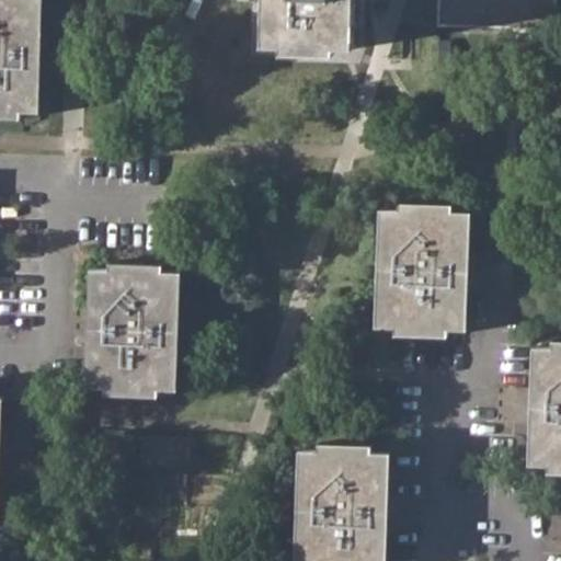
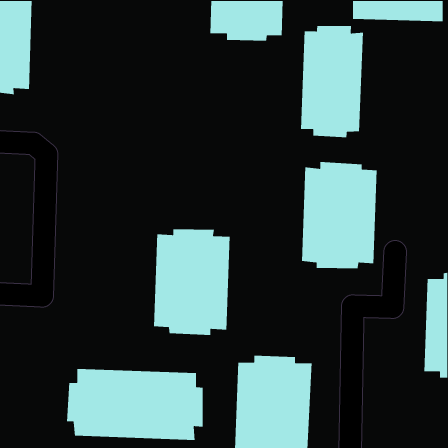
building: none -> [300,25,364,138]
building: [83,264,180,398] -> [153,228,231,336]
building: none -> [66,368,204,441]

